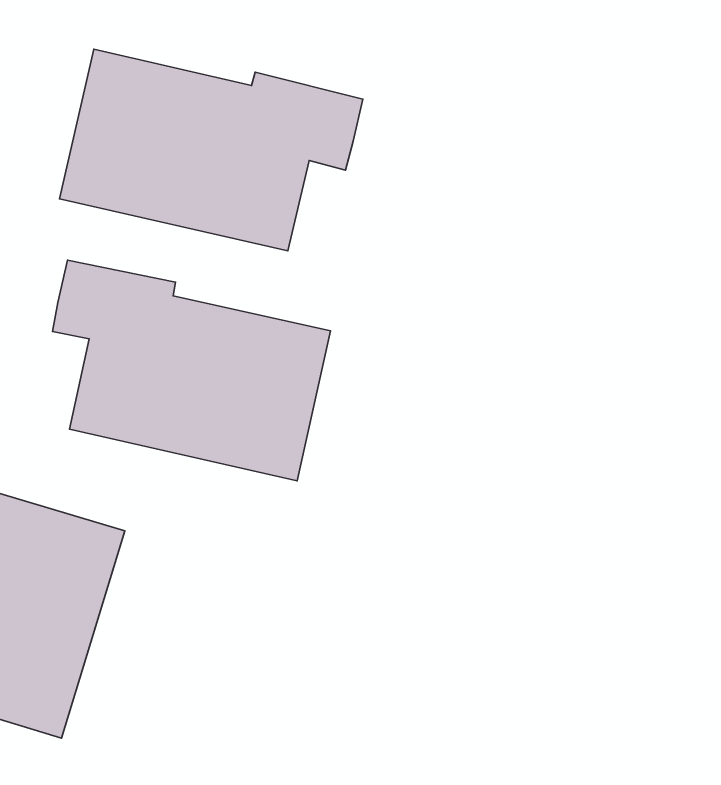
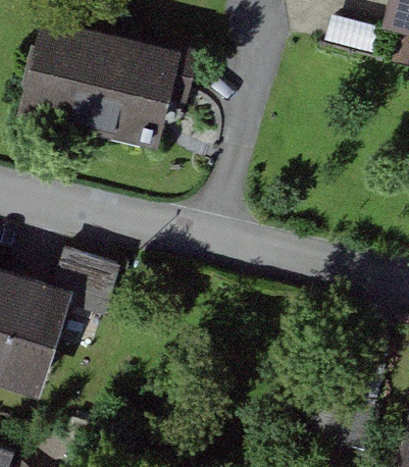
building: [52,260,331,481] -> none

